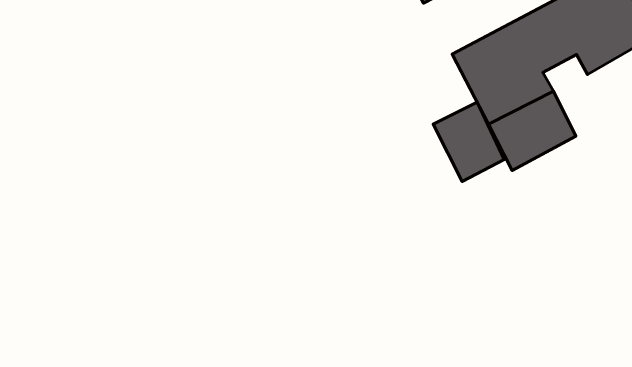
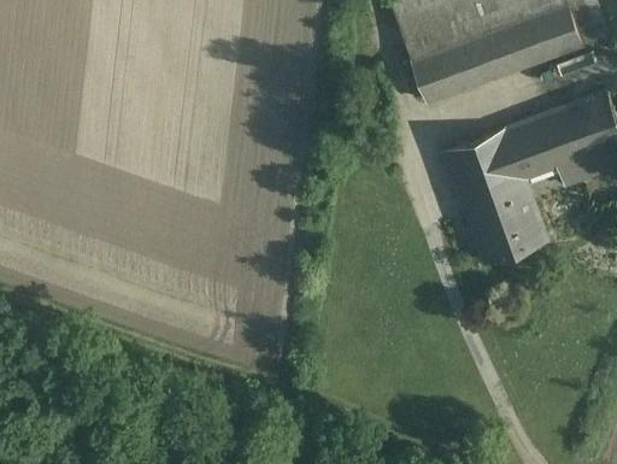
building: [433,102,504,181] -> none

